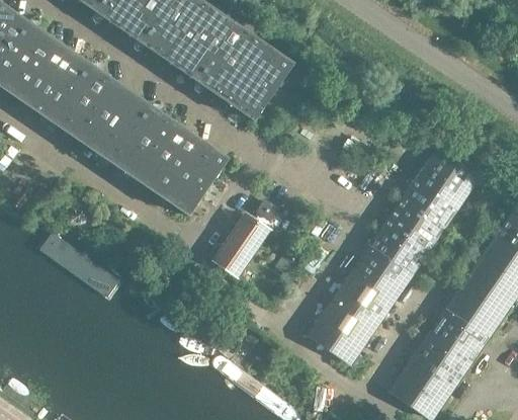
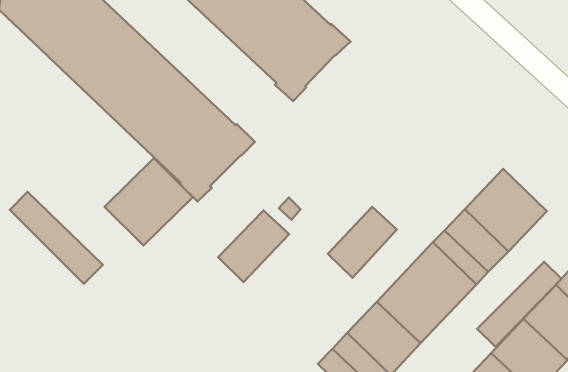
building: none -> [104,158,193,246]
building: none -> [328,207,397,278]
building: none -> [477,262,561,347]

